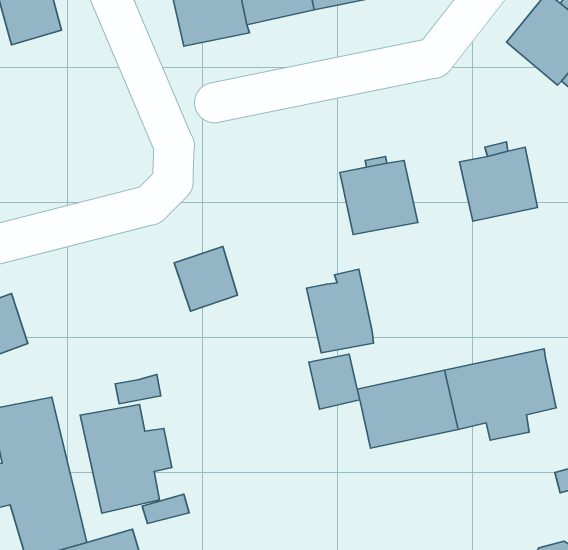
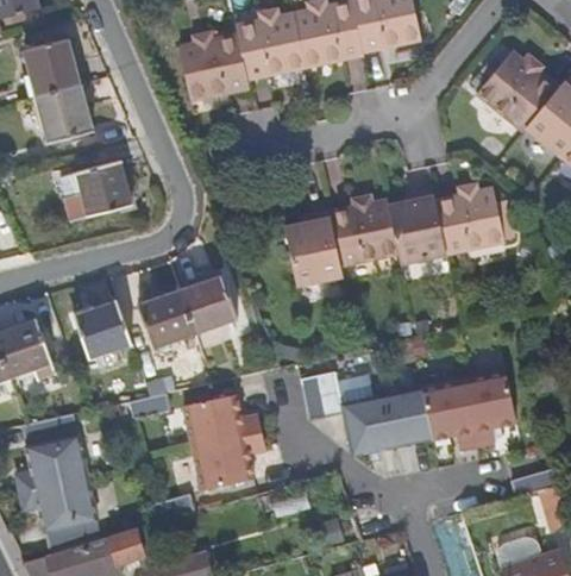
building: none -> [37,84,94,144]
building: none -> [63,162,133,221]
building: none -> [385,190,445,263]
building: none -> [137,290,195,348]
building: [306,269,374,353] -> [281,211,340,284]
building: none -> [74,301,132,358]
building: [80,404,172,513] -> [183,394,264,490]

